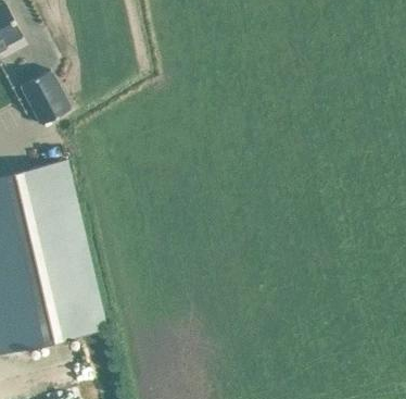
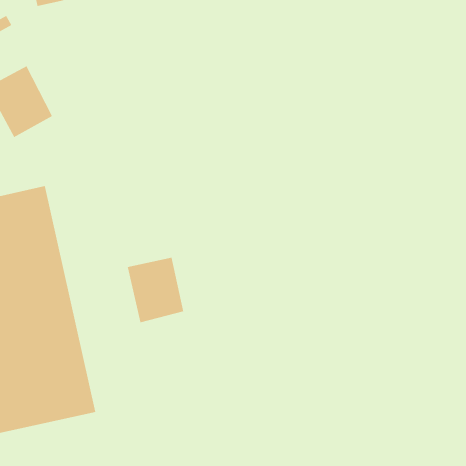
building: none -> [127,257,184,323]

